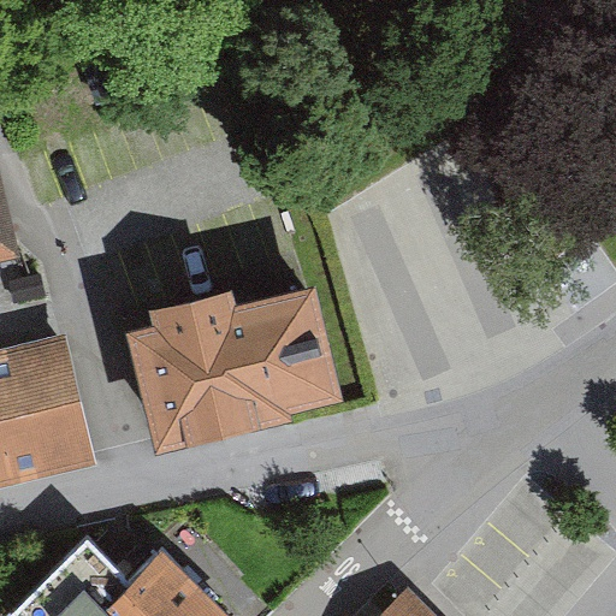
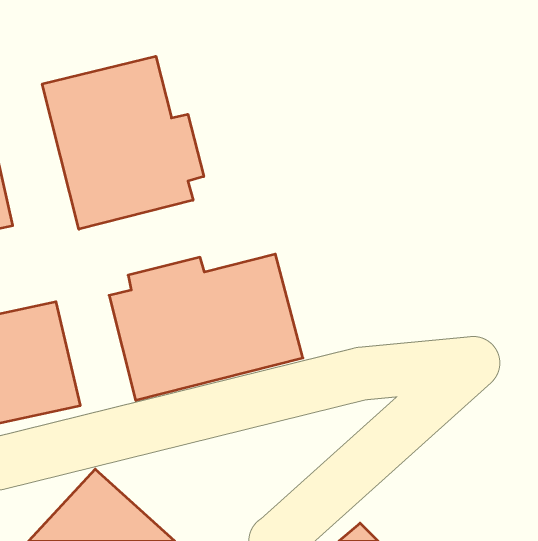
building: none -> [42,56,204,229]

